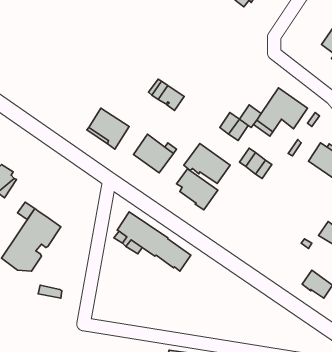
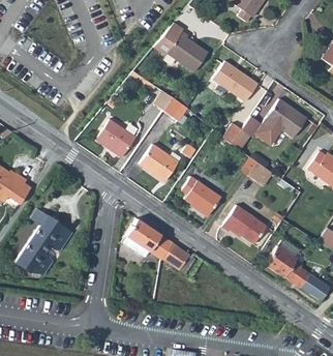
building: none -> [154,22,209,71]
building: none -> [214,61,258,100]
building: [184,144,230,184] -> [222,205,267,243]
building: none -> [266,245,311,287]

